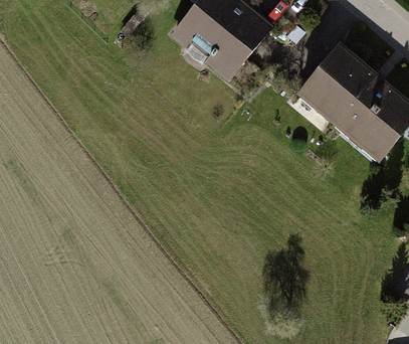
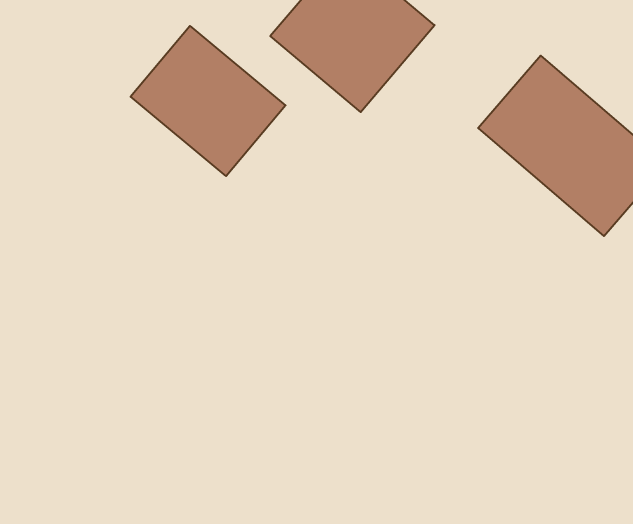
building: none -> [131,26,286,176]

